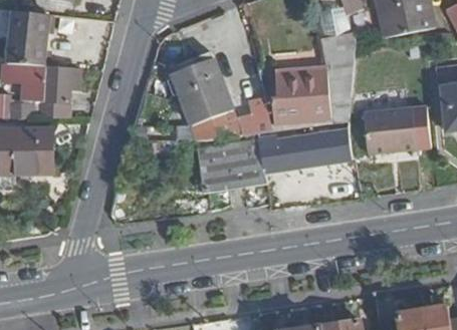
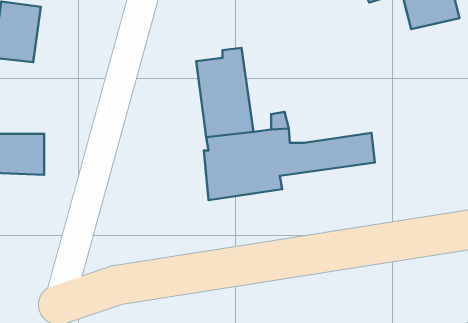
building: [271,24,358,122] -> none
building: [21,71,75,122] -> none
building: [364,108,416,153] -> none

